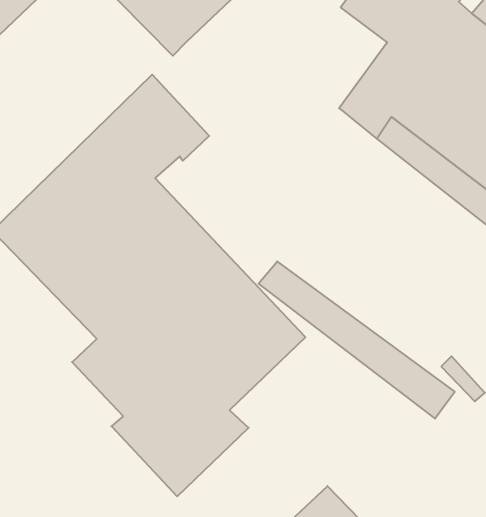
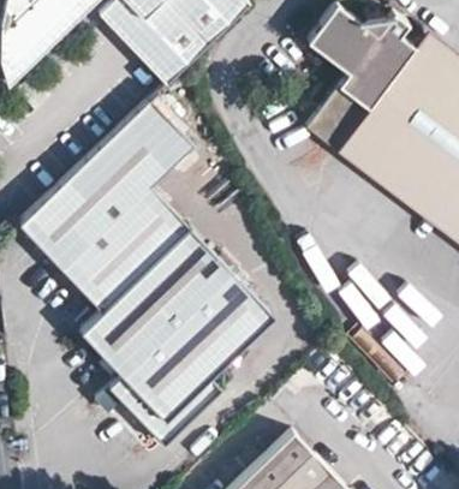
building: [258,261,455,419] -> none

